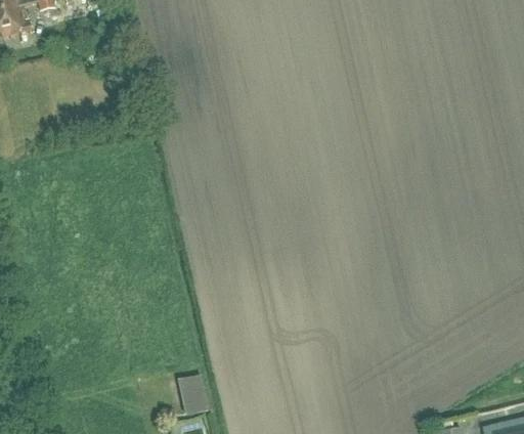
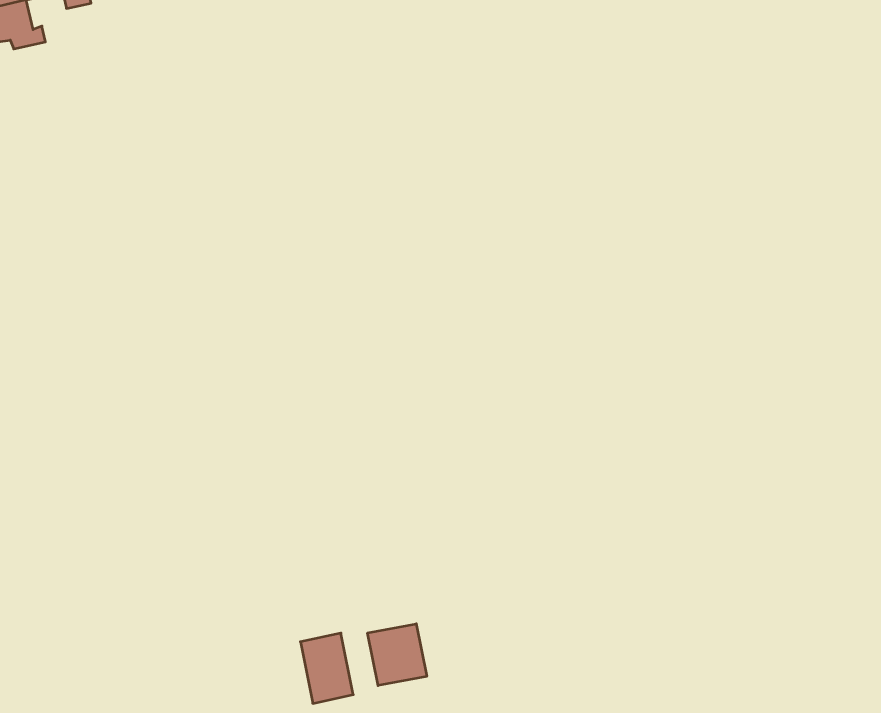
building: none -> [368,624,427,686]

